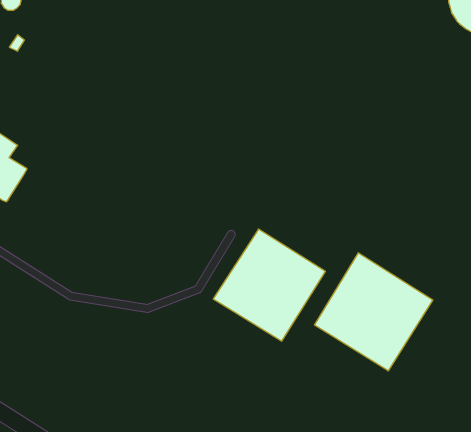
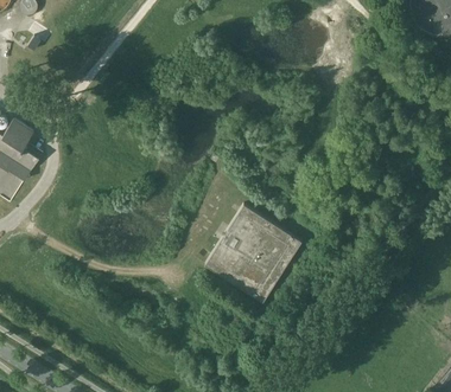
building: [314,253,433,371] -> none

